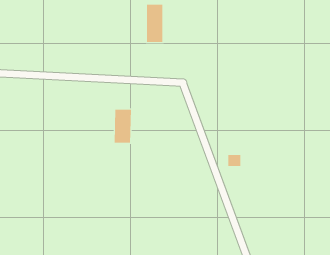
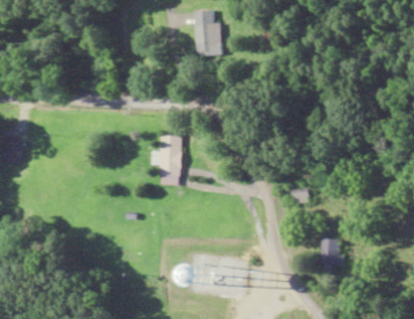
building: none -> [324,238,344,266]

